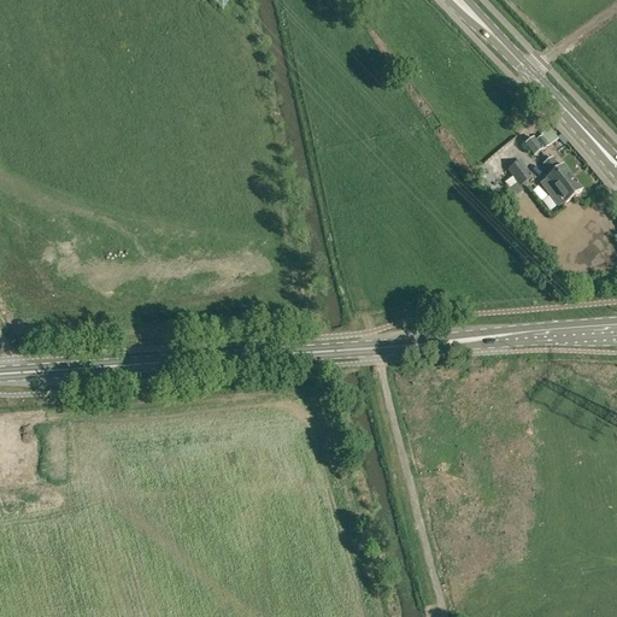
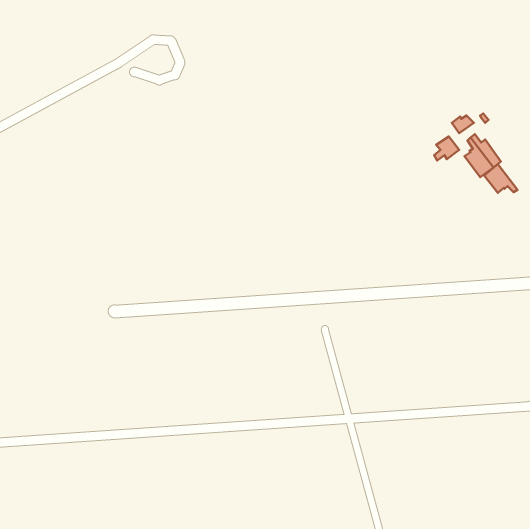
building: none -> [484,164,517,193]

